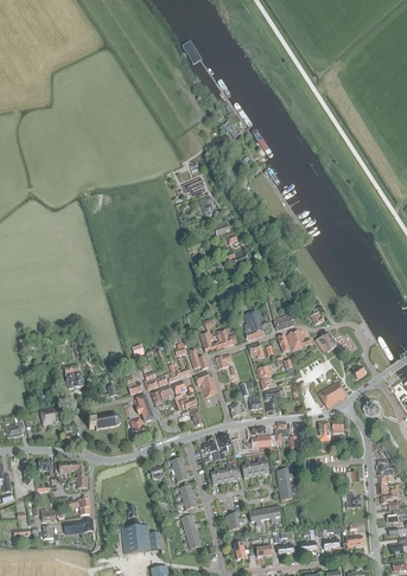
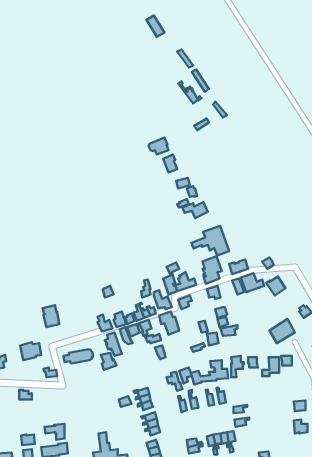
building: none -> [191,226,229,255]

